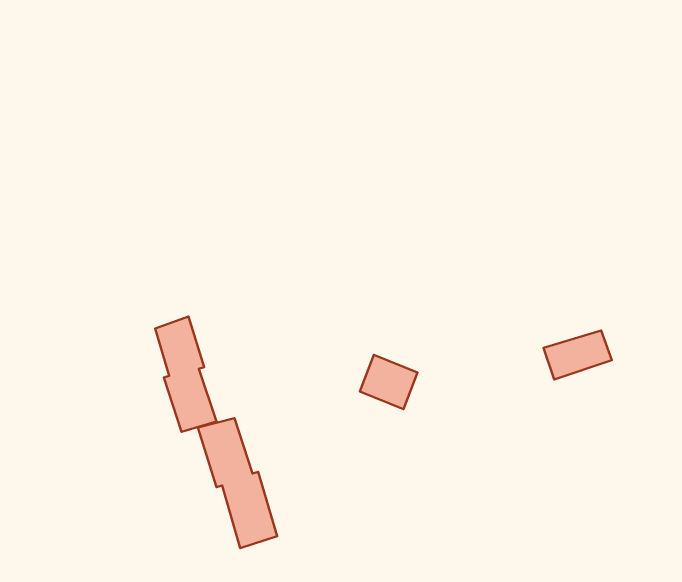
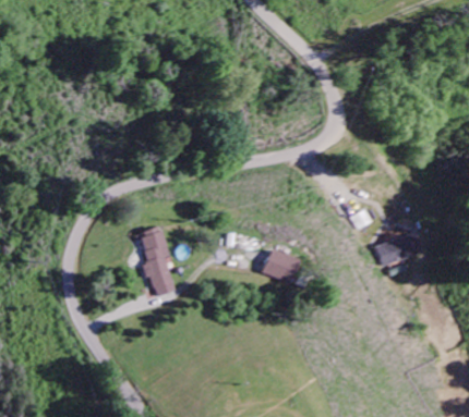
building: [198,418,277,548] -> none

